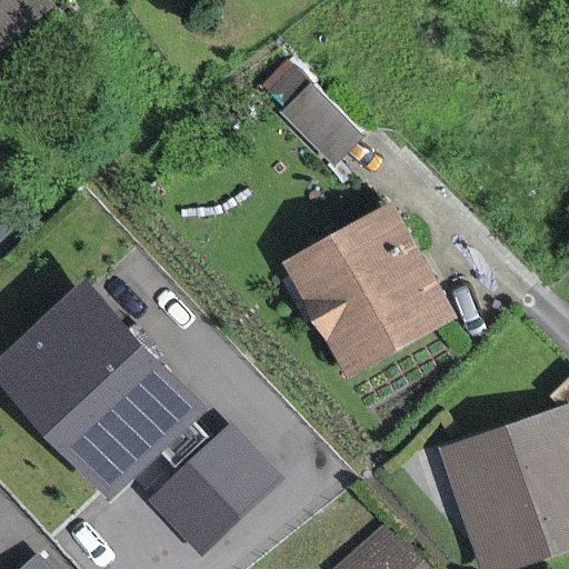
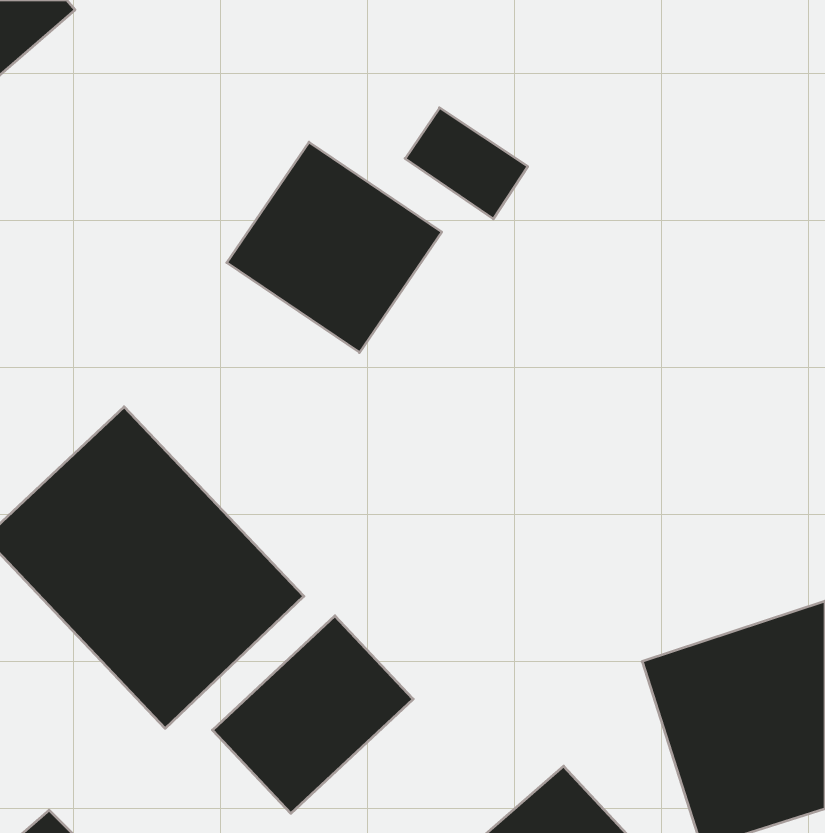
building: none -> [227,142,442,353]
building: [284,207,450,375] -> none

